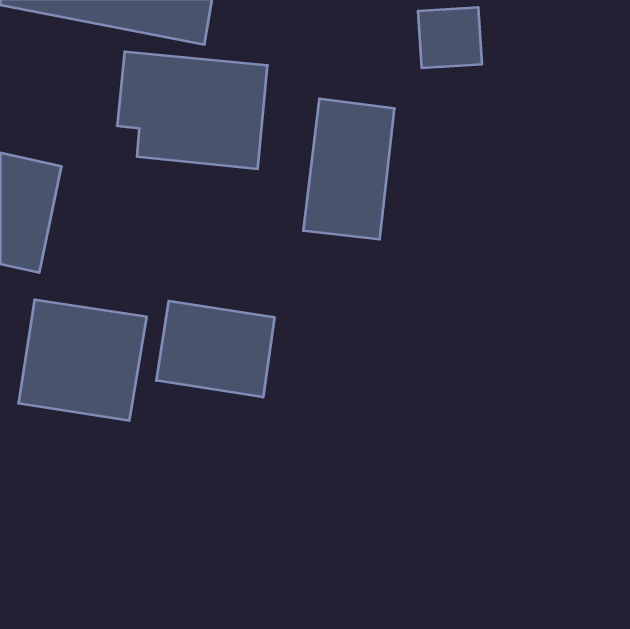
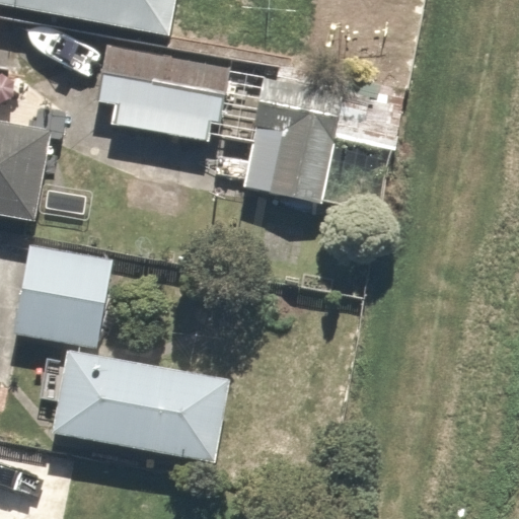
building: [156,301,274,397] -> none
building: none -> [51,351,228,459]

